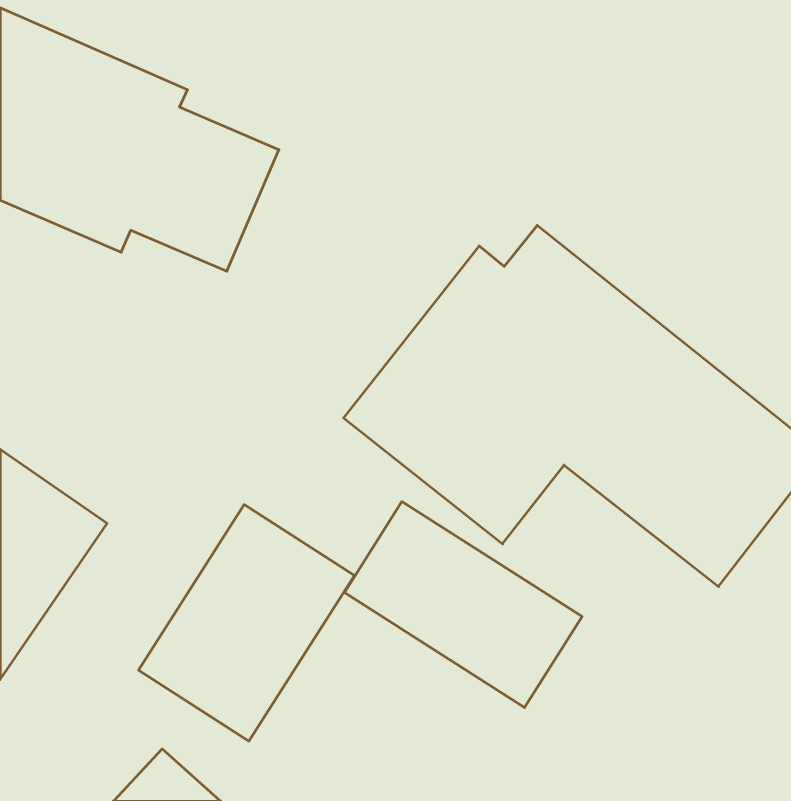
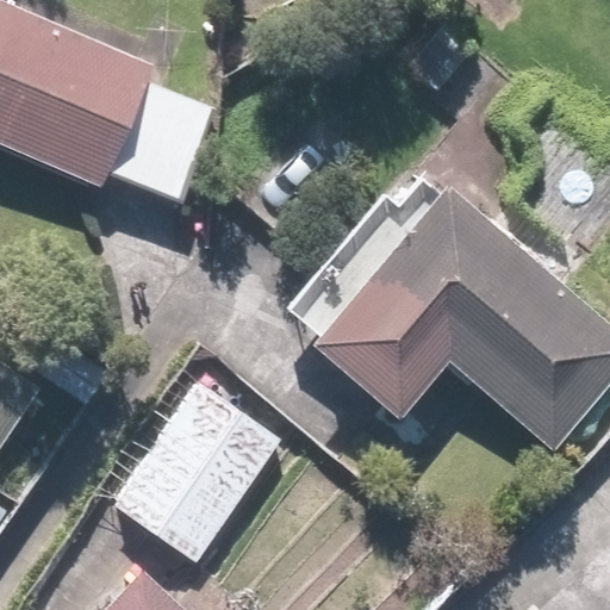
building: [344,502,582,708] -> none

